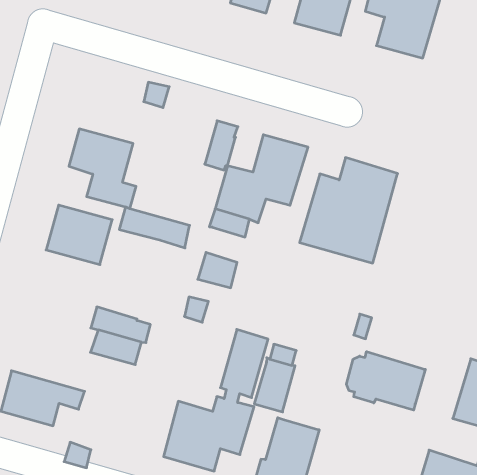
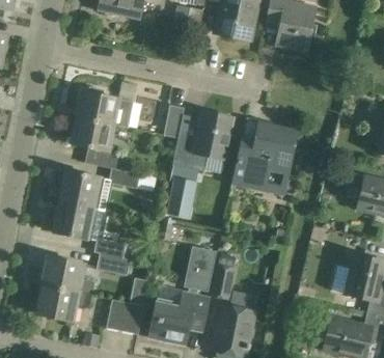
building: none -> [77,83,135,127]
building: none -> [54,200,98,239]
building: none -> [43,255,95,295]
building: [346,352,425,410] -> none
building: none -> [107,299,143,334]

